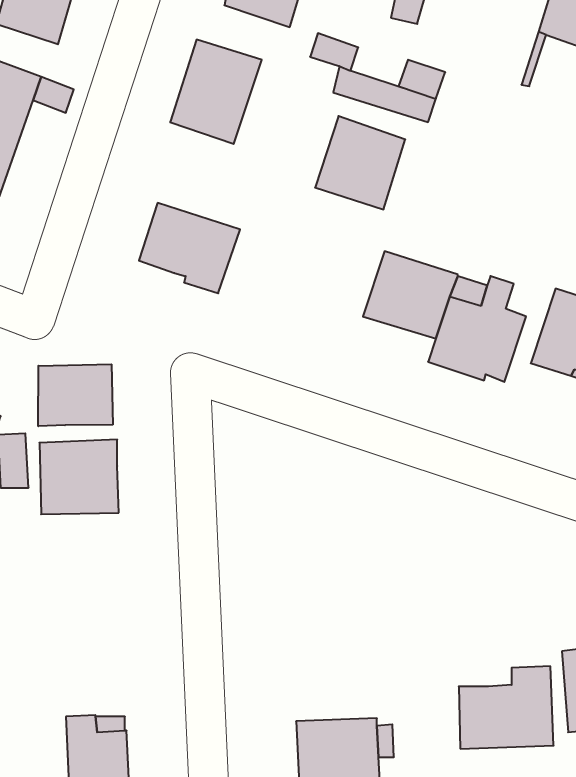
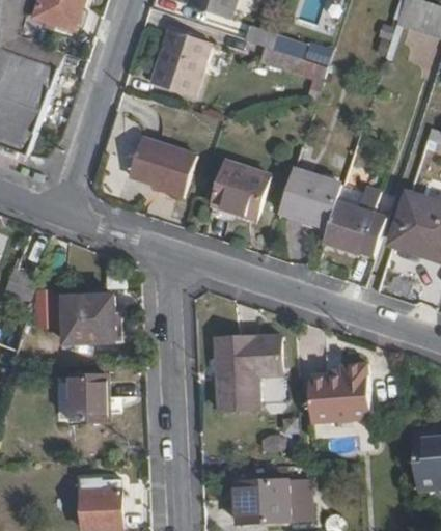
building: [315,116,405,209] -> [210,159,270,221]
building: [38,364,113,426] -> none
building: none -> [214,335,281,410]
building: none -> [71,376,109,423]
building: [459,666,554,749] -> [307,359,370,414]

